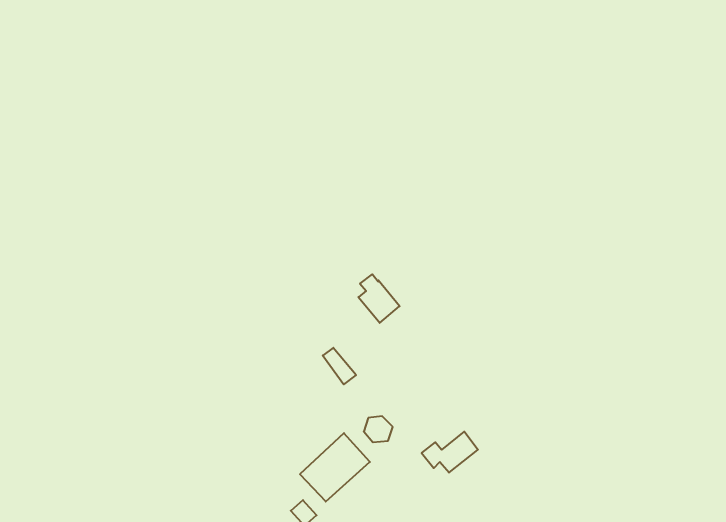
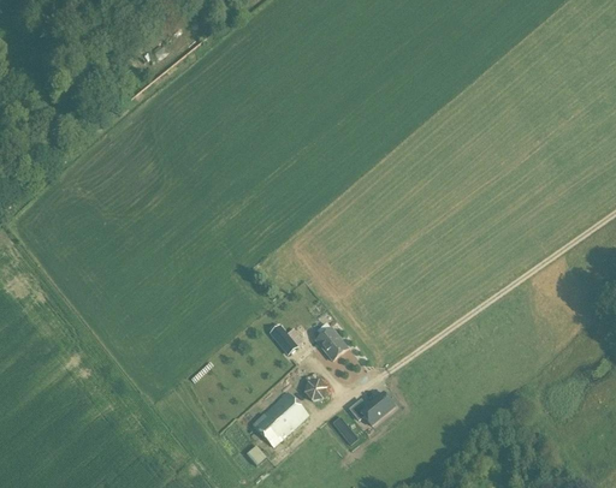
building: [358,274,400,323] -> [315,322,348,361]

